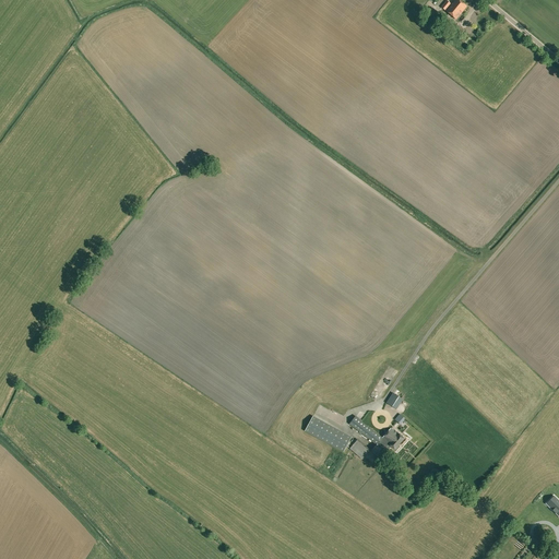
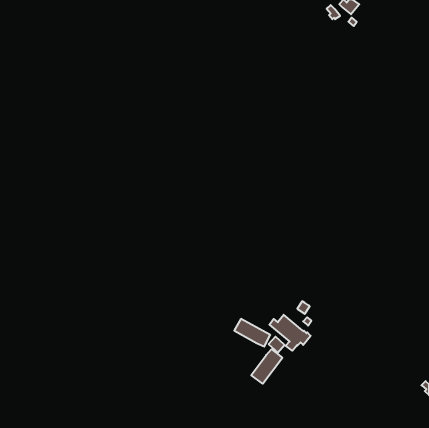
building: none -> [251,349,282,384]

